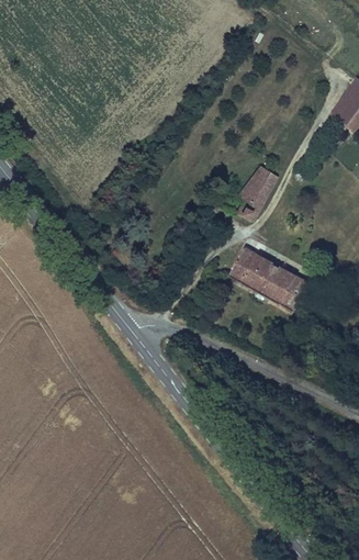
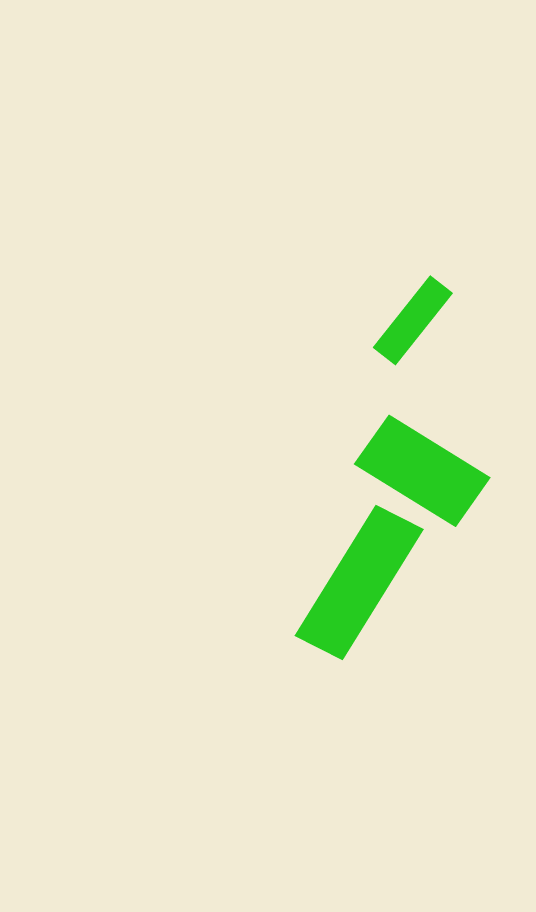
building: none -> [294,504,425,661]

